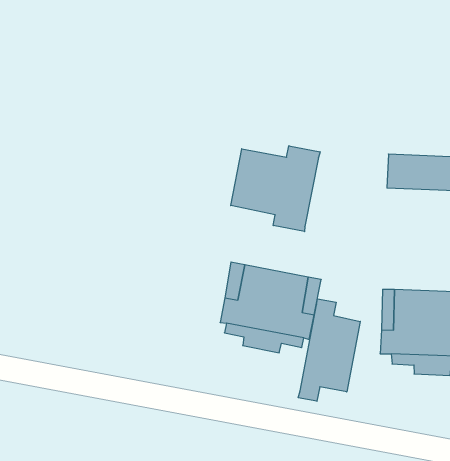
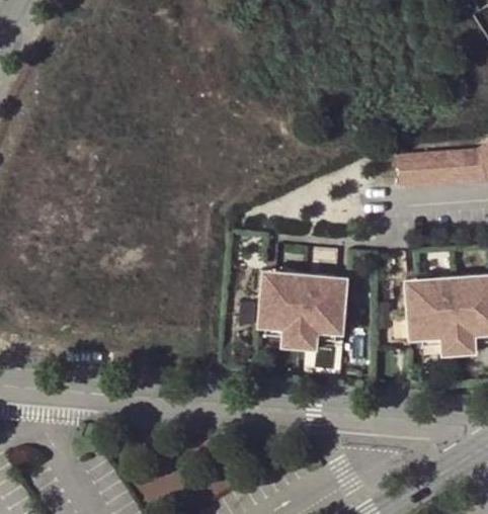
building: [231,146,320,232] -> none
building: [298,299,360,401] -> none

